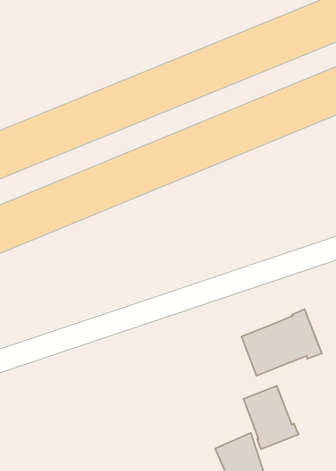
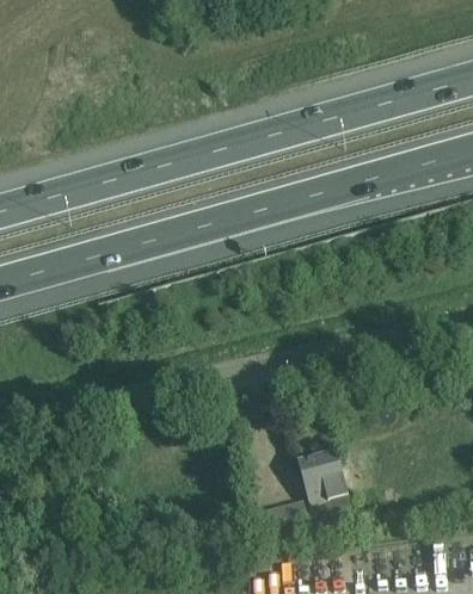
building: [241,309,322,376] -> none

